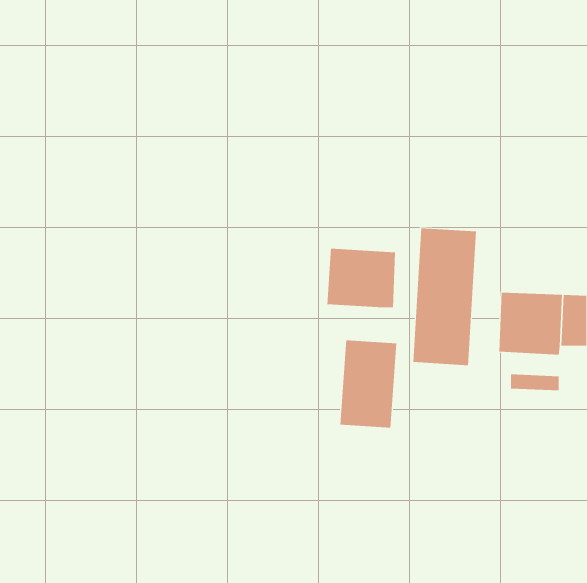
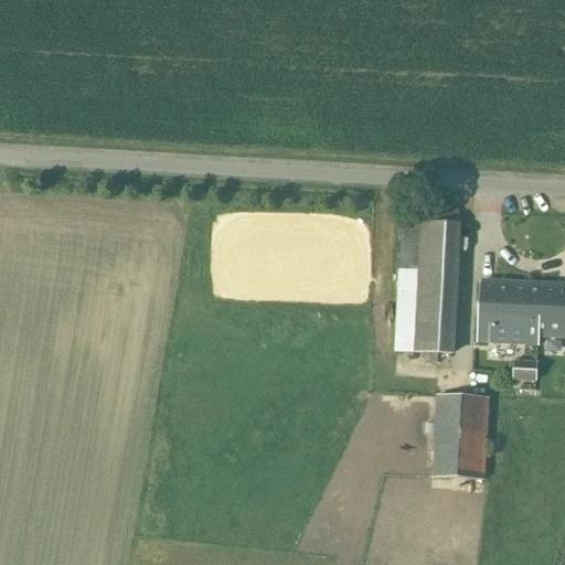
building: [327,248,396,308] -> none
building: [340,340,397,428] -> [434,393,489,478]

